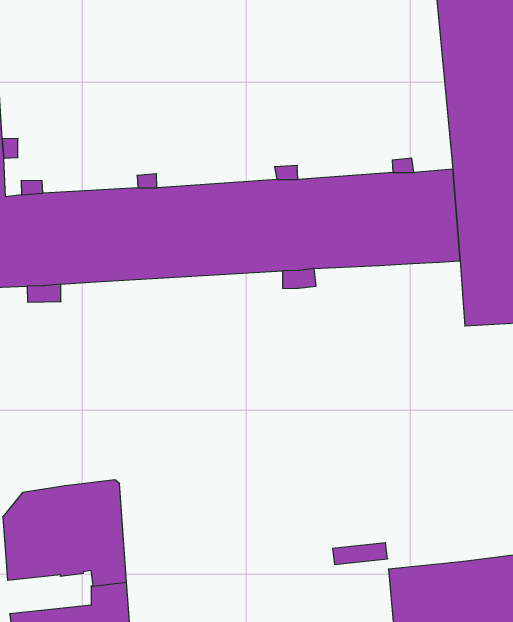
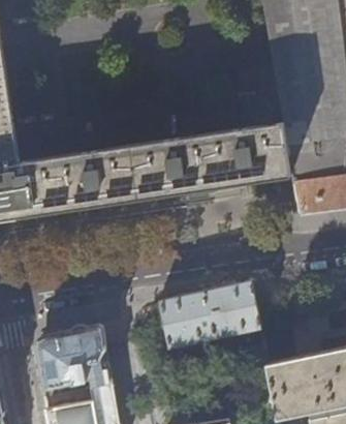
building: none -> [159,281,260,356]

